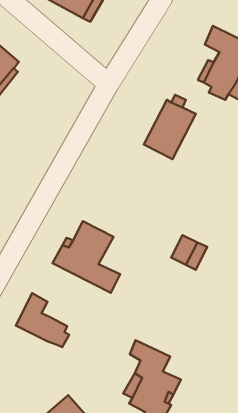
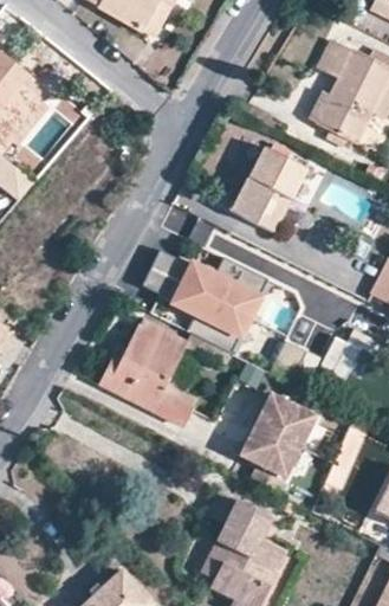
building: none -> [142,250,268,354]
building: none -> [239,392,323,498]
building: [16,293,69,347] -> none

